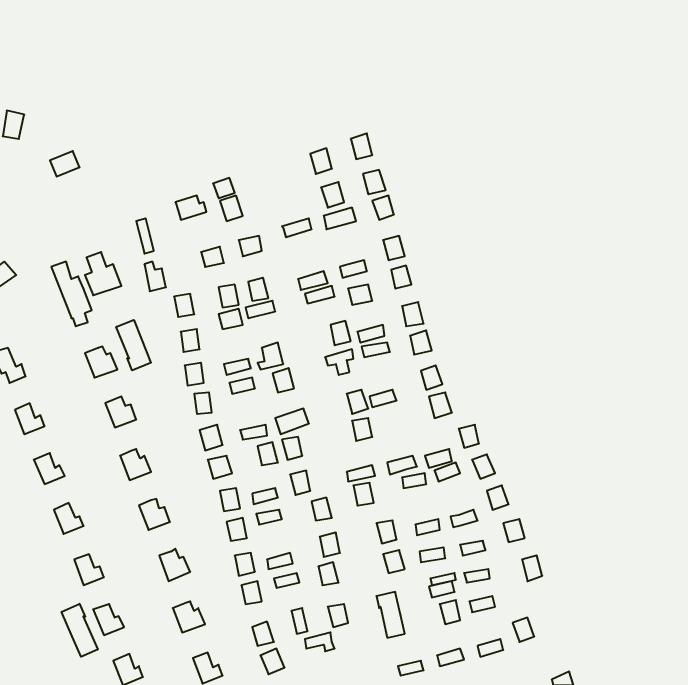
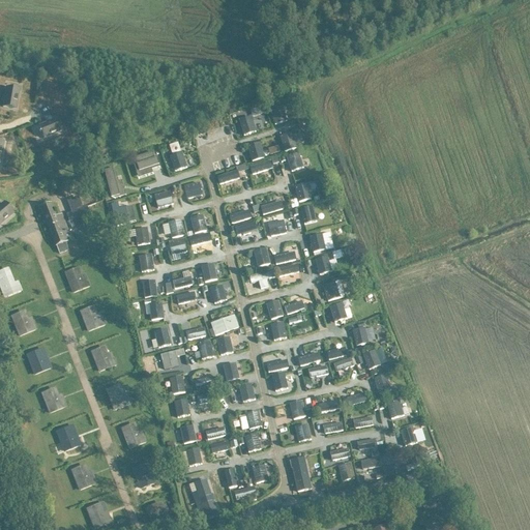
building: [116,320,151,370] -> none
building: [62,604,98,657] -> none

